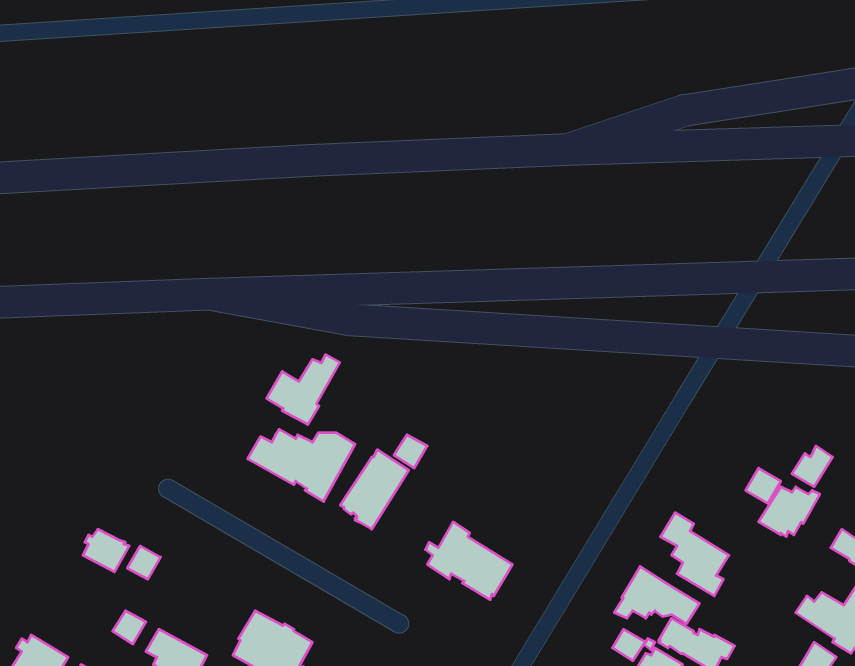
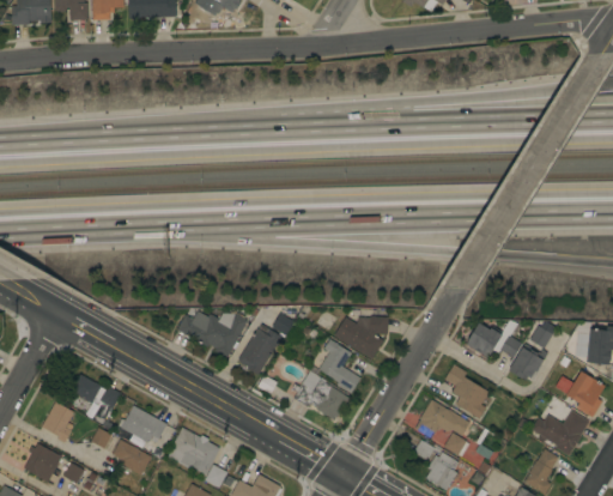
building: [267,355,340,425] -> none
building: none -> [334,316,388,359]
building: none -> [466,322,503,357]
building: none -> [318,339,360,393]
building: none -> [41,403,73,442]
building: none -> [121,405,166,442]

